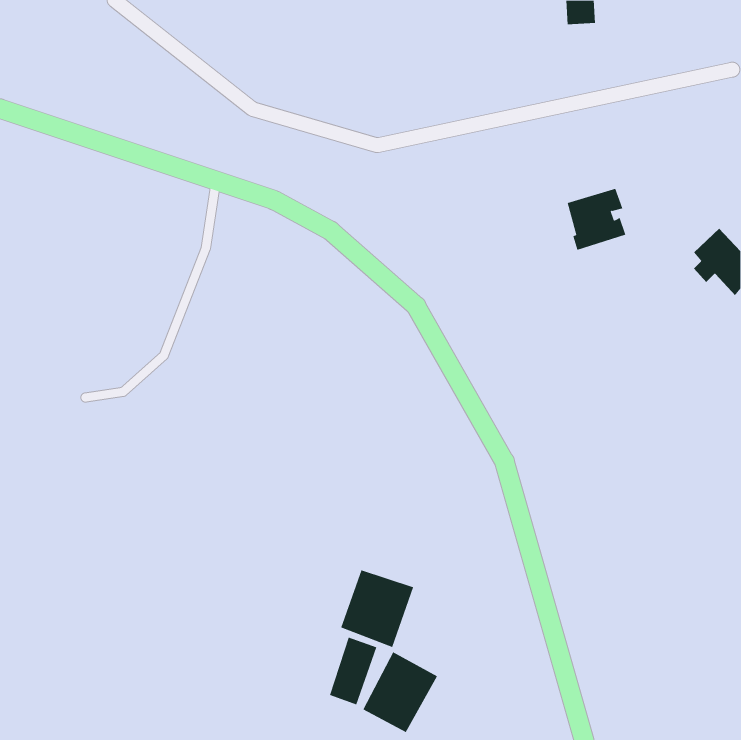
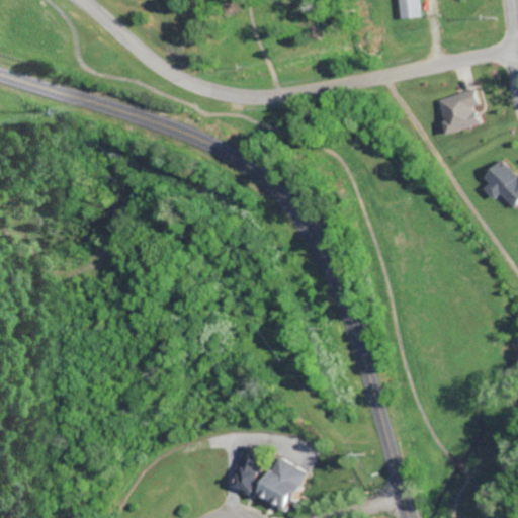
building: [567,188,626,251] -> [438,89,480,133]
building: [340,569,414,648] -> none

